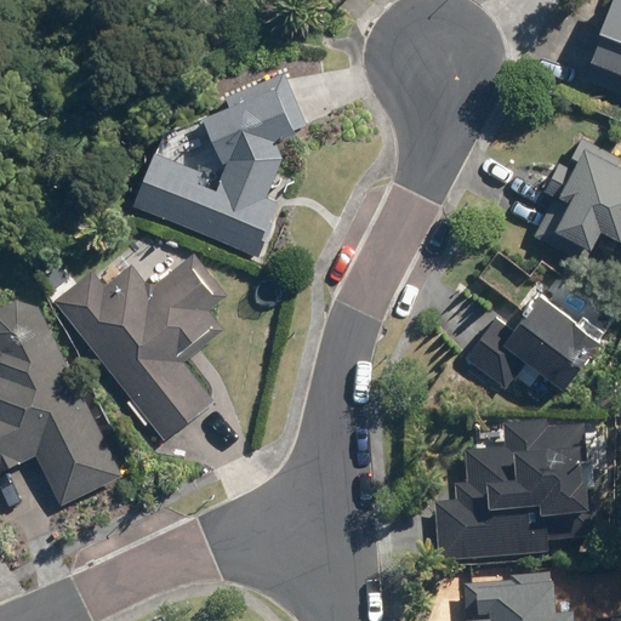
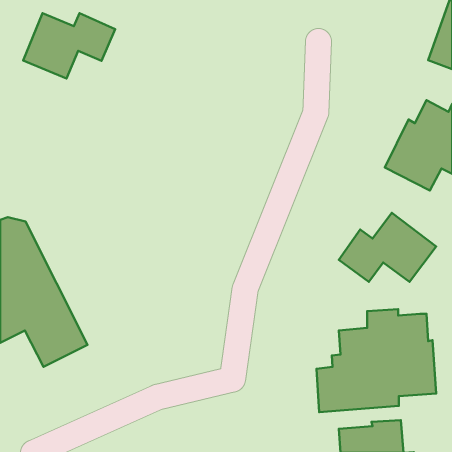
building: none -> [23,13,115,79]
building: [129,82,292,257] -> none
building: [53,252,227,440] -> none

